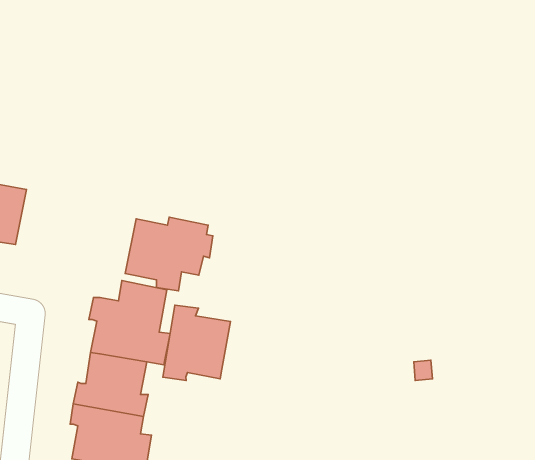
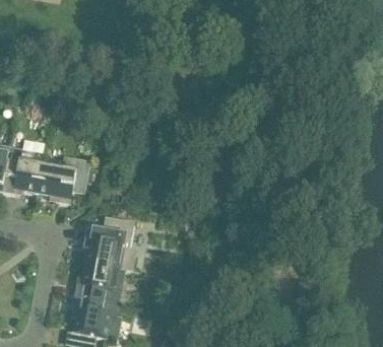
building: [125,217,213,291] -> [36,157,92,205]
building: [163,305,231,380] -> none

